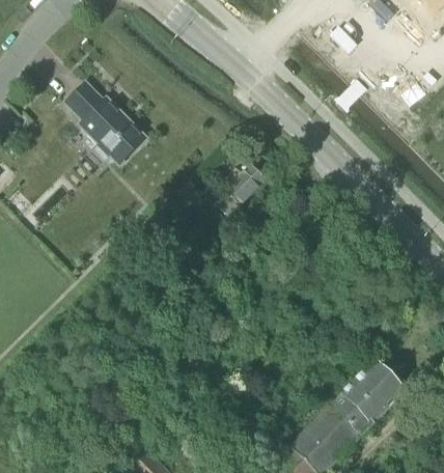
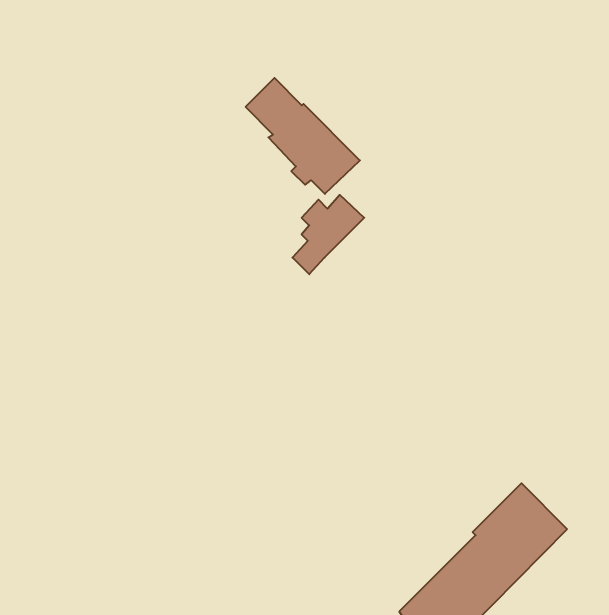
building: [65,82,143,161] -> [246,78,360,194]

